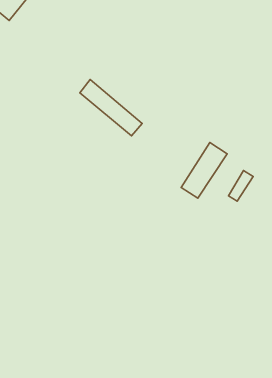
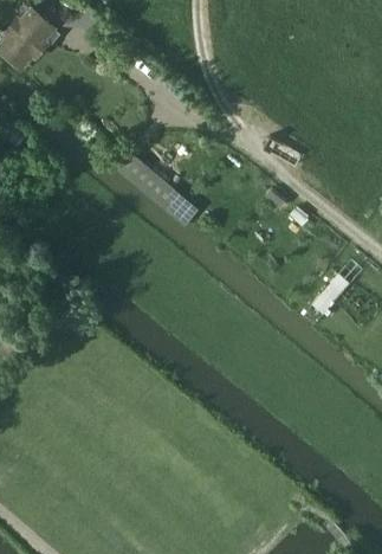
building: [181,142,227,198] -> none

